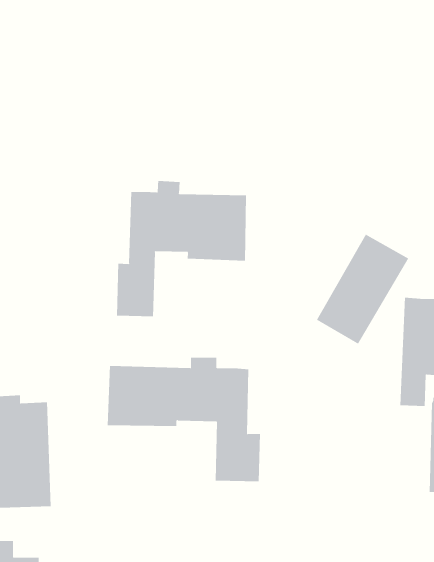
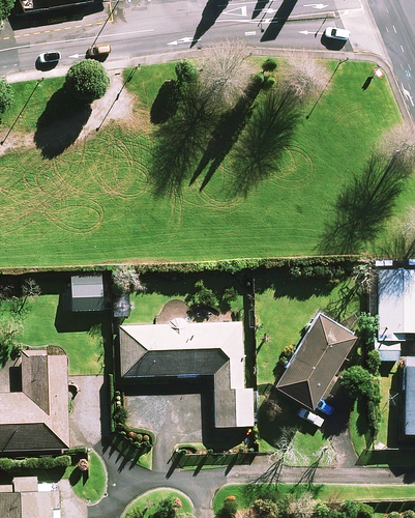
building: [116,180,247,317] -> none
building: [316,234,409,344] -> [274,316,356,413]

